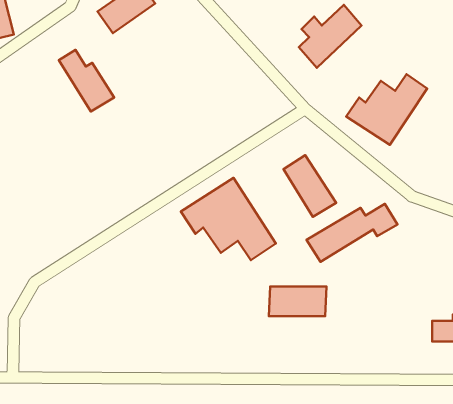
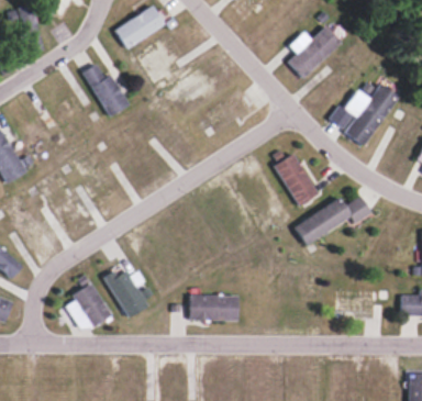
building: [181,178,276,260] -> none
building: none -> [103,266,148,318]
building: [269,287,327,316] -> [188,296,237,321]
building: none -> [66,283,111,328]

